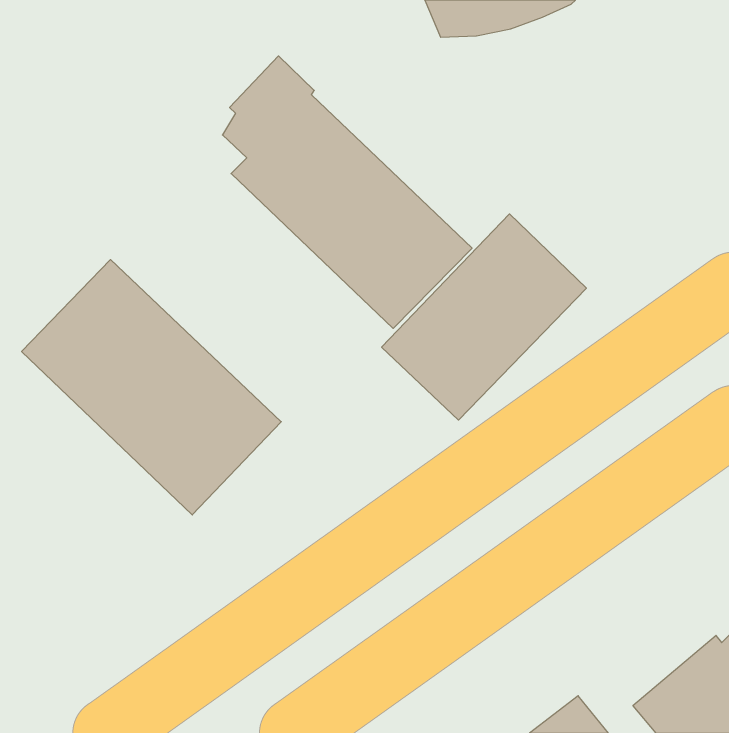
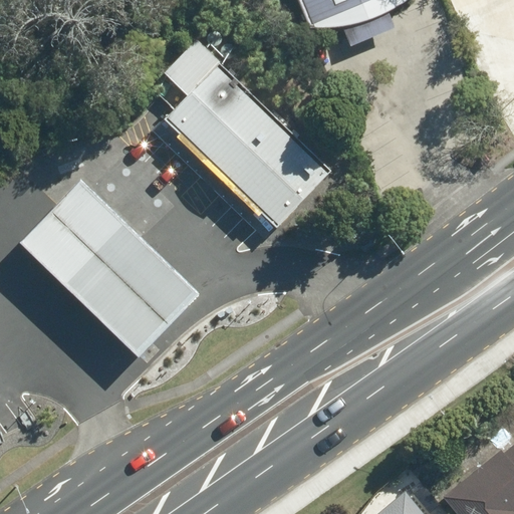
building: [382,214,586,420] -> none

